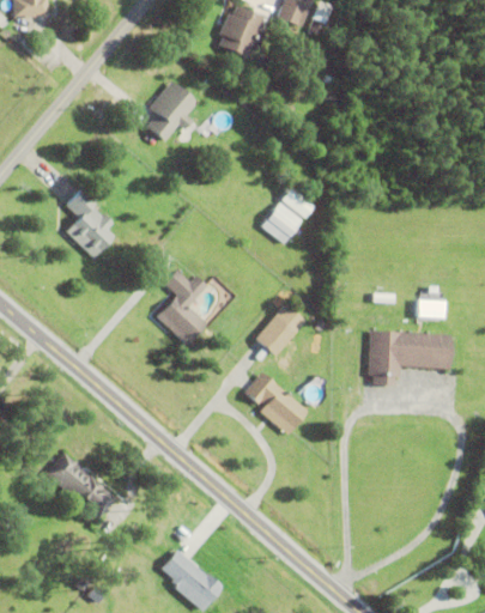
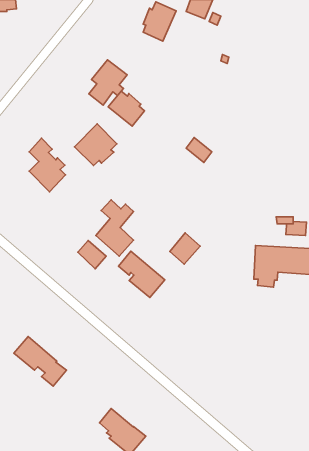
building: none -> [108,91,144,126]
building: none -> [75,124,117,165]
building: [261,202,302,243] -> none
building: none -> [78,240,106,269]
building: [245,372,308,435] -> [119,251,165,298]

